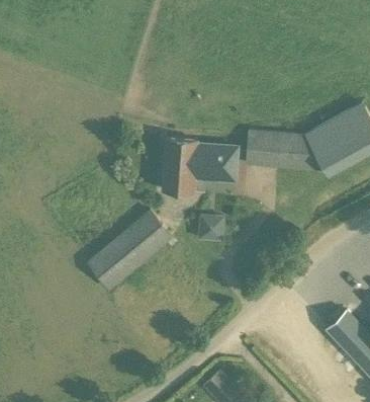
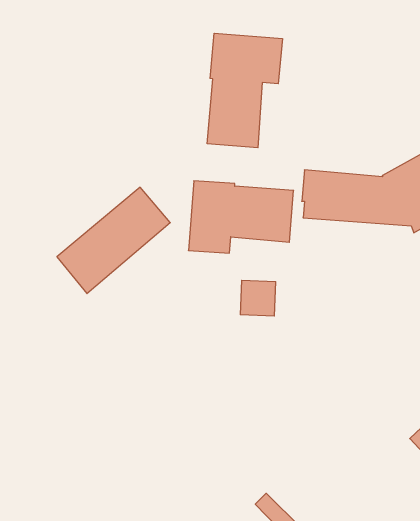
building: none -> [207,33,282,148]
building: [87,209,171,288] -> [57,187,170,294]

